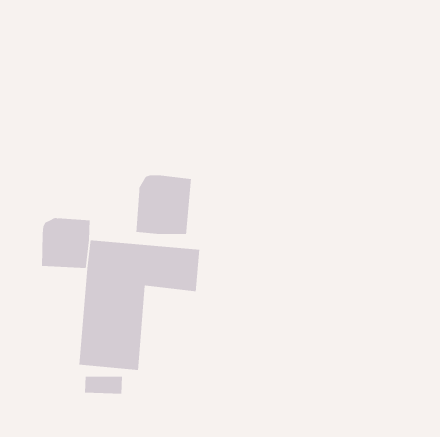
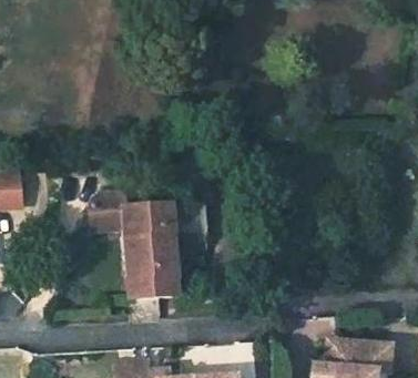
building: [136,174,192,235] -> none

